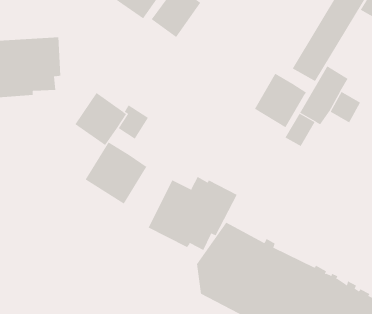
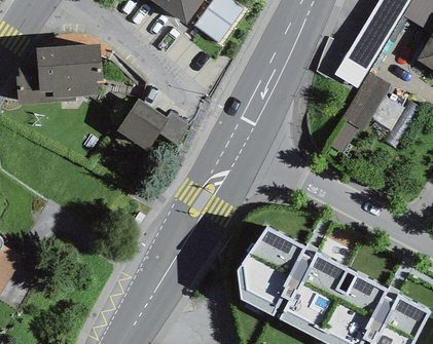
building: [254,73,307,128] -> none
building: [85,142,147,205] -> none
building: [148,176,238,251] -> none

